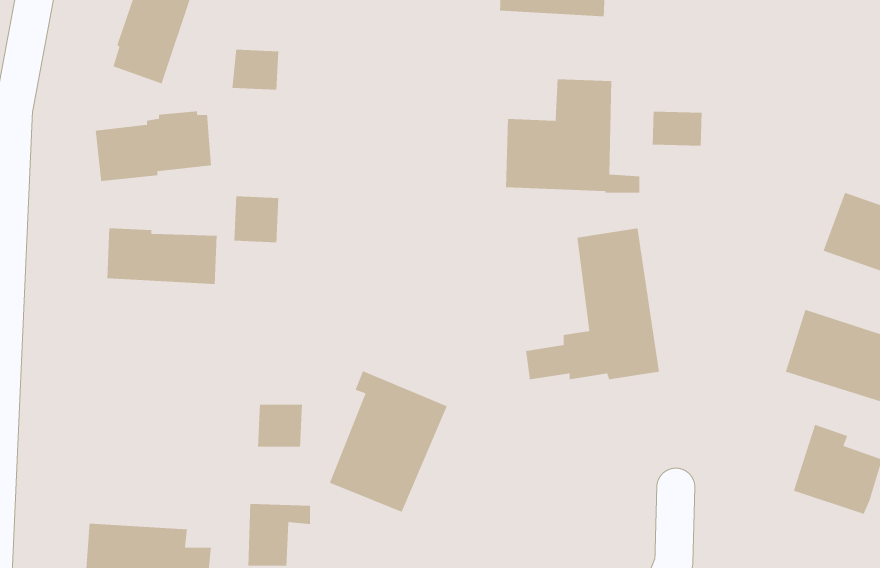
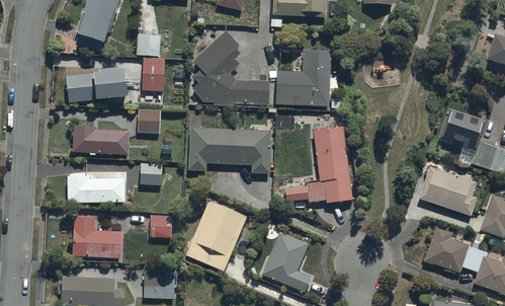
building: none -> [192,30,269,107]
building: none -> [142,57,165,100]
building: [652,111,702,147] -> none
building: none -> [187,127,270,173]
building: none -> [140,162,162,184]
building: none -> [67,175,125,203]
building: none -> [72,215,121,258]
building: none -> [261,231,311,292]

